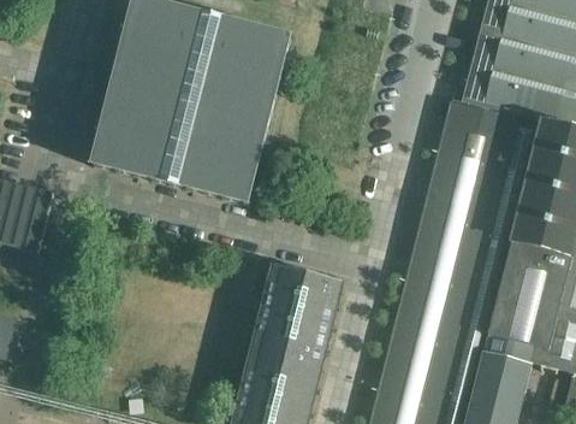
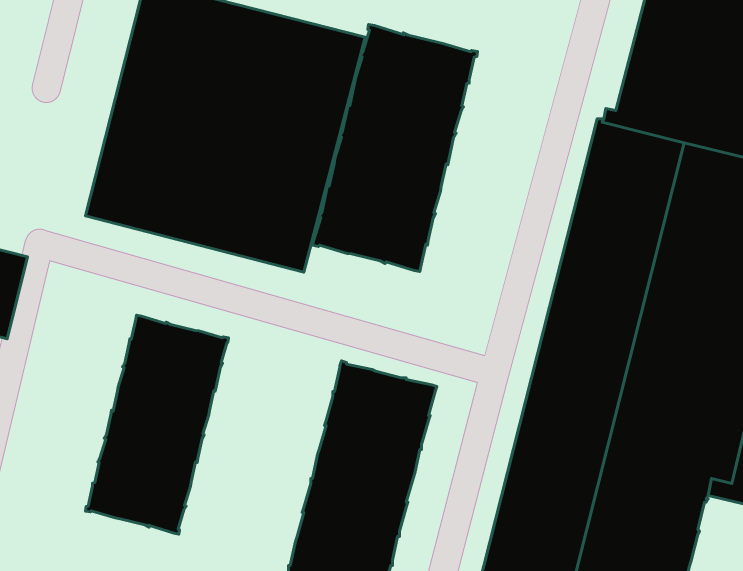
building: none -> [313,24,478,272]
building: none -> [85,315,228,534]

